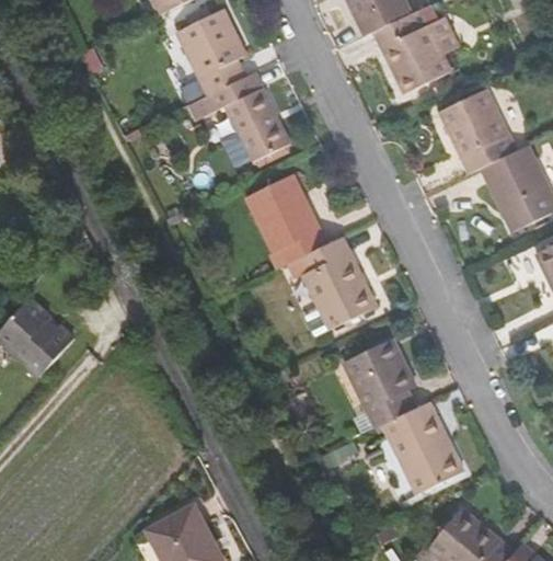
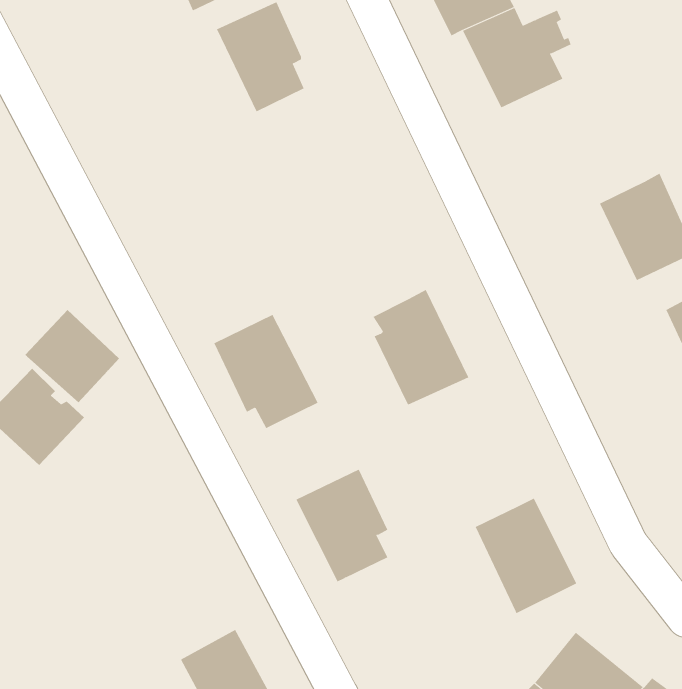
building: [194,73,290,161] -> none
building: [437,89,517,175] -> none
building: [246,174,330,265] -> [213,314,318,429]
building: none -> [25,309,120,403]
building: [343,339,416,428] -> [296,469,388,582]

